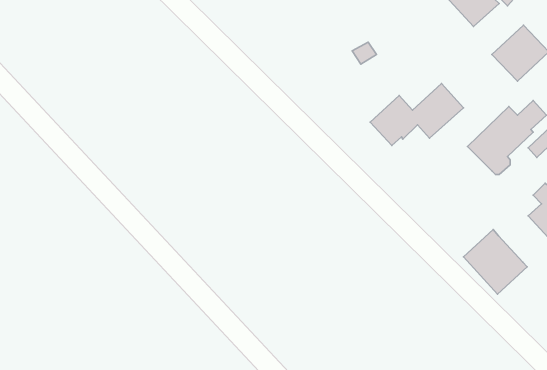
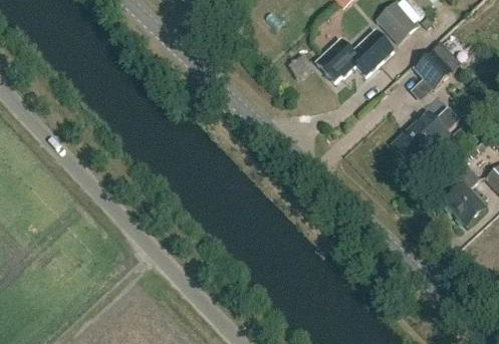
building: [370,83,463,145] -> [315,29,393,80]
building: [464,229,527,294] -> none

